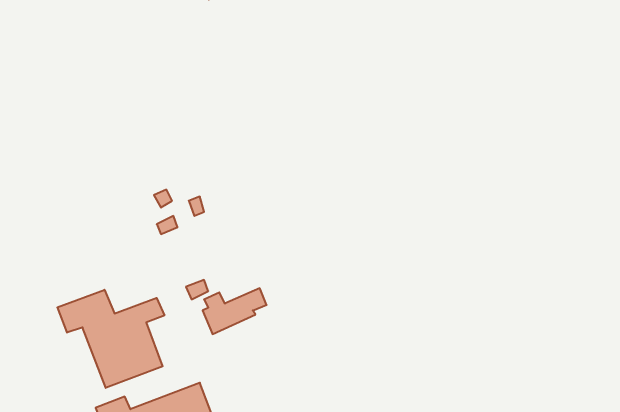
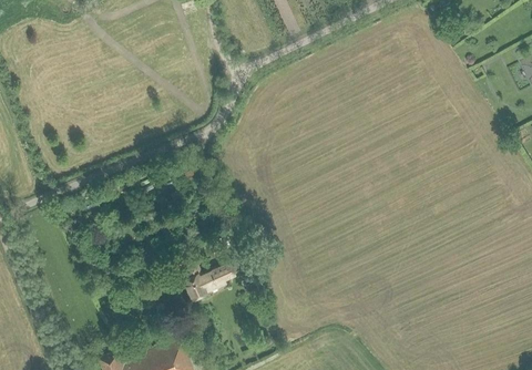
building: [57,290,164,388] -> none

